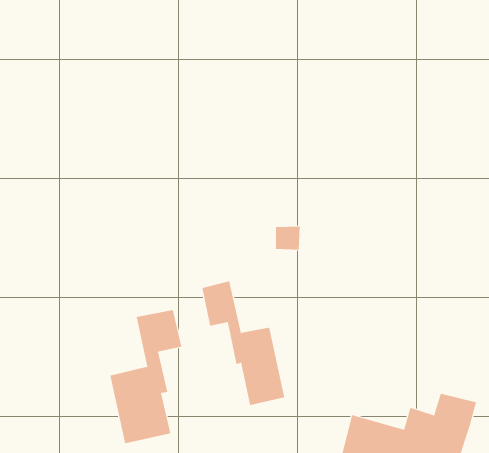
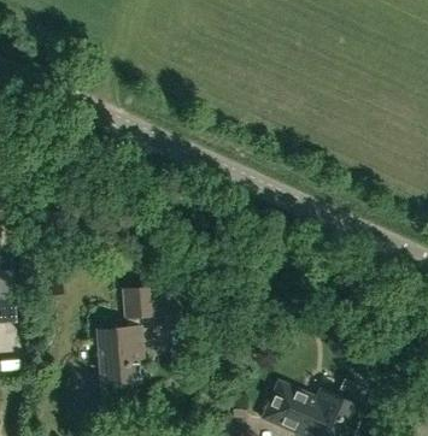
building: [202,280,285,406] -> none

